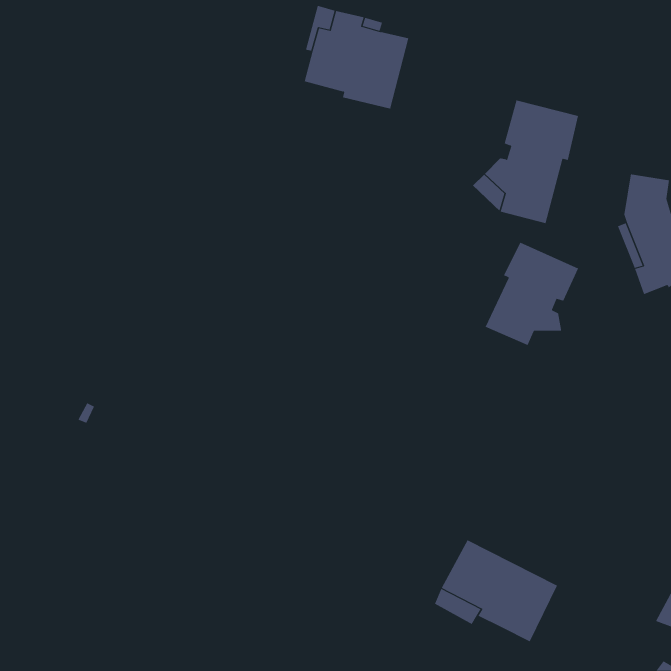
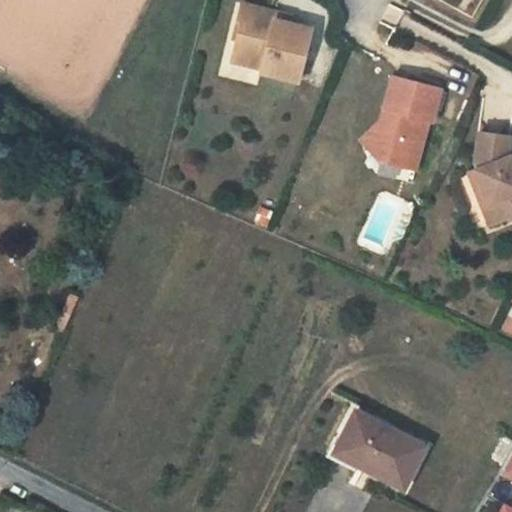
building: [485,242,579,346] -> none

